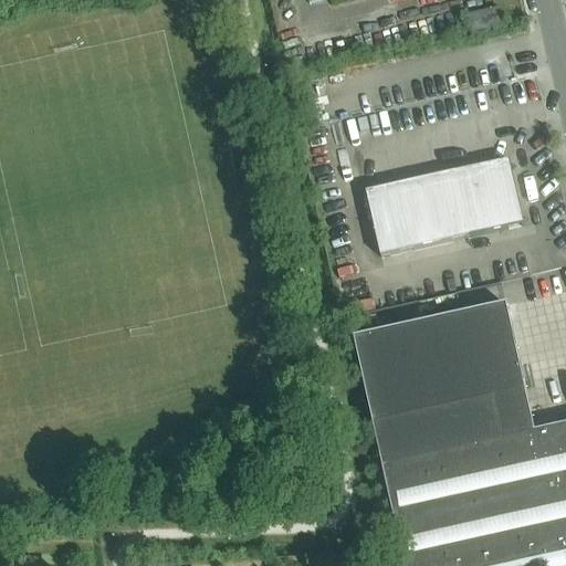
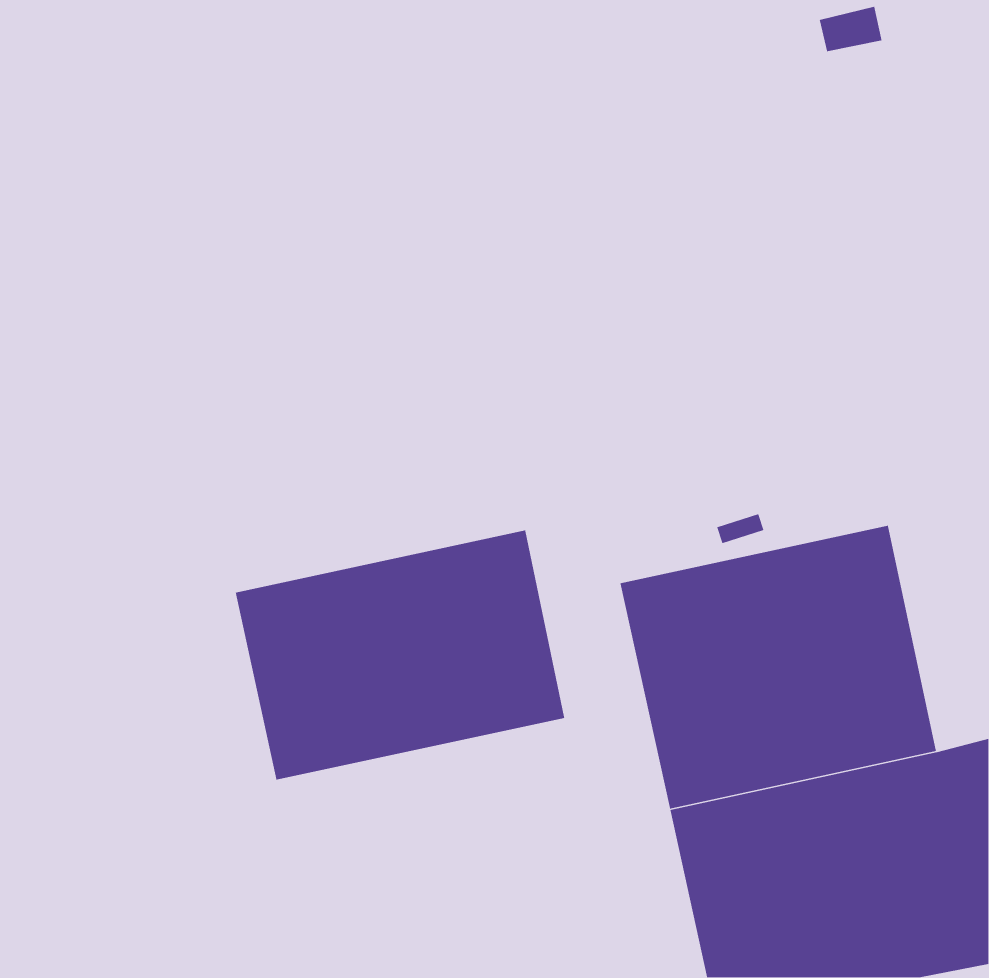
building: [366,156,524,253] -> none
building: none -> [235,529,565,781]

